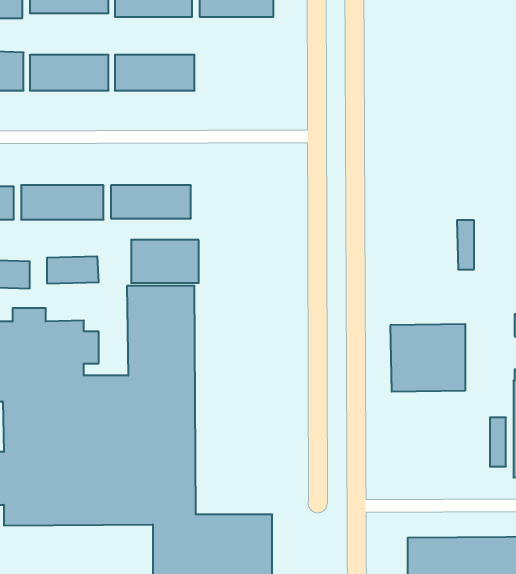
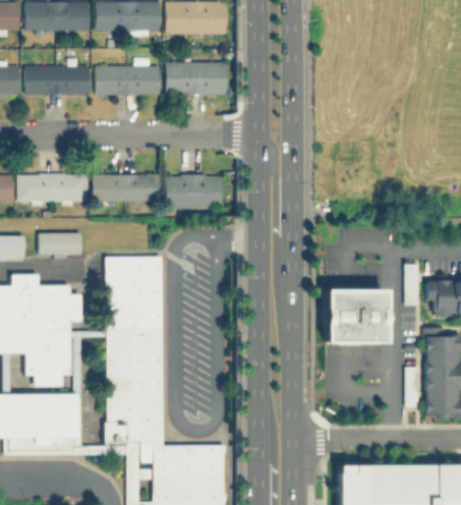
building: none -> [166,61,228,95]
building: [457,220,474,269] -> [405,263,419,303]
building: [131,240,199,283] -> [166,173,222,209]

